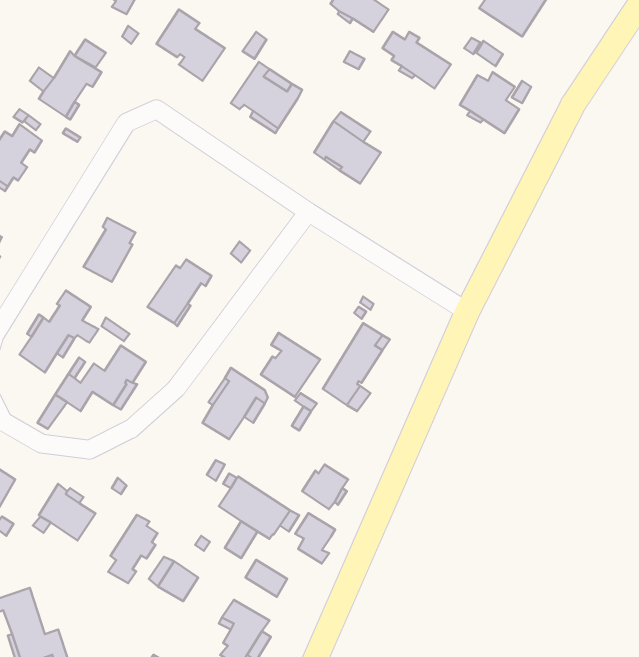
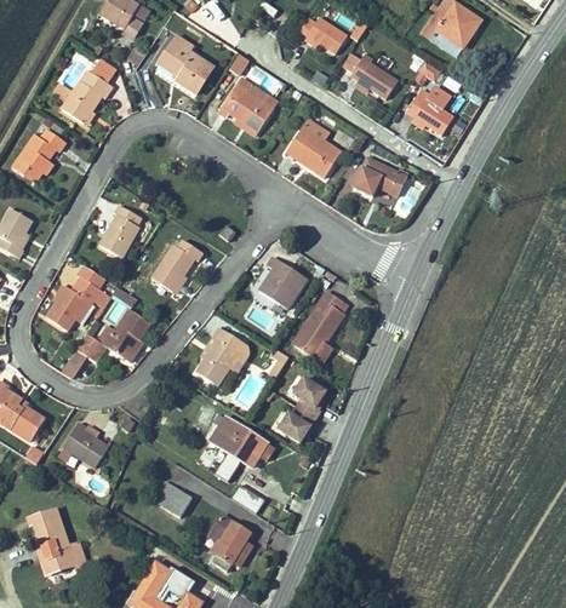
building: none -> [354,157,407,195]
building: [261,333,320,397] -> [259,256,308,308]
building: [295,513,335,564] -> [293,377,326,418]
building: [108,515,158,583] -> none

